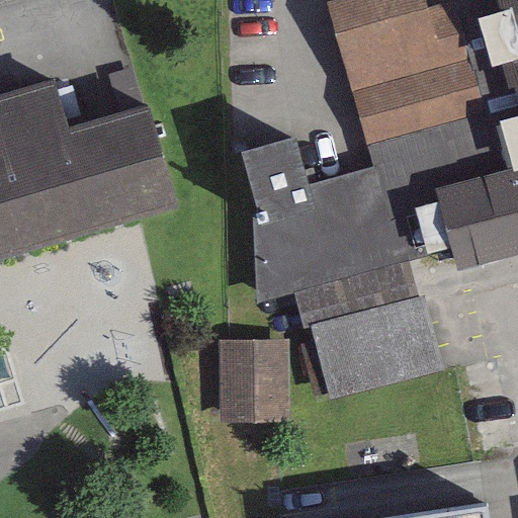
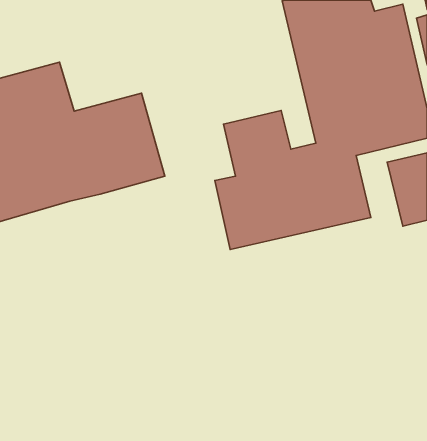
building: [309,283,442,396] -> none
building: [211,320,284,406] -> none

